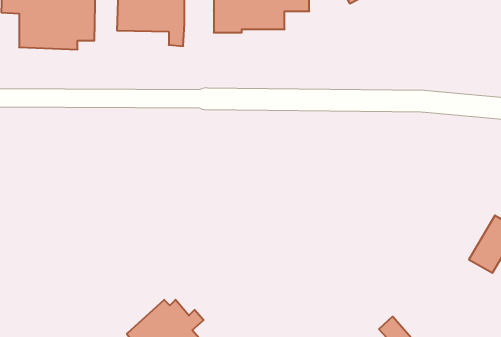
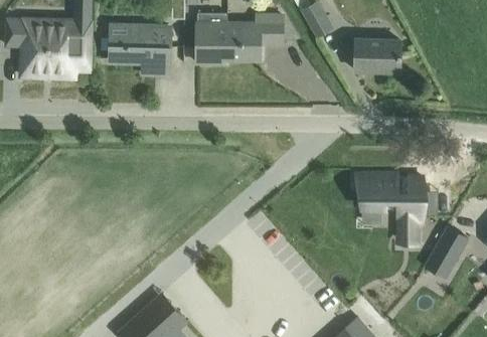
building: none -> [354,40,400,72]
building: none -> [361,174,422,241]

